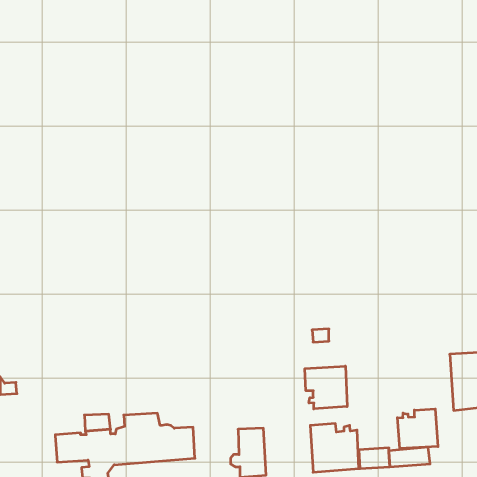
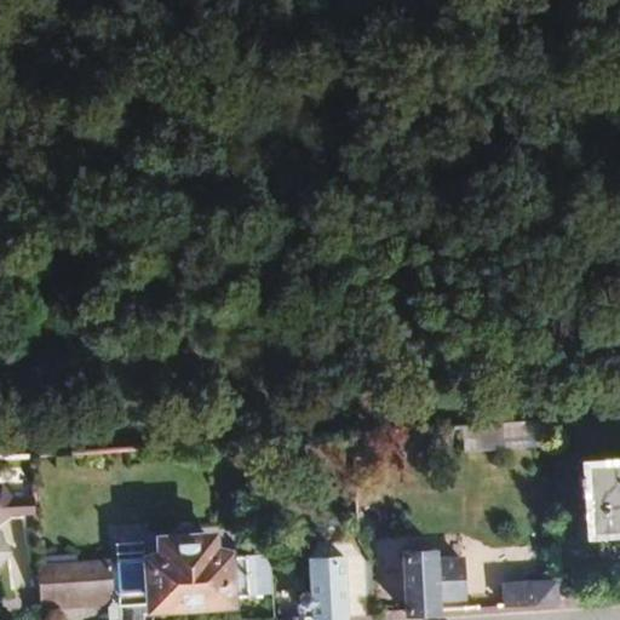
building: [305,366,347,409] -> none
building: [397,409,438,448] -> none
building: none -> [36,566,117,612]

